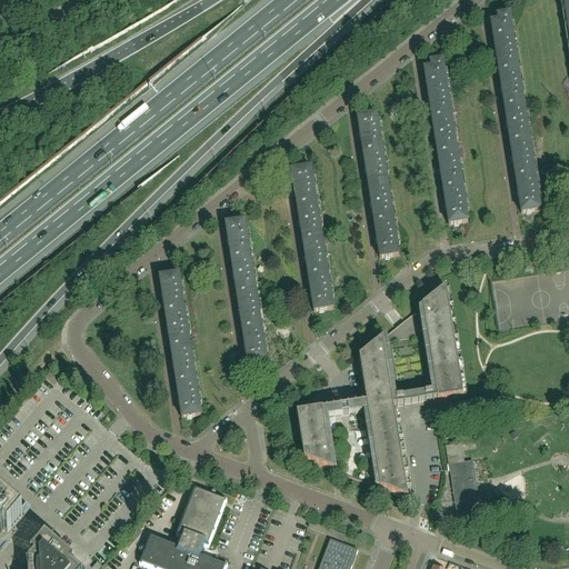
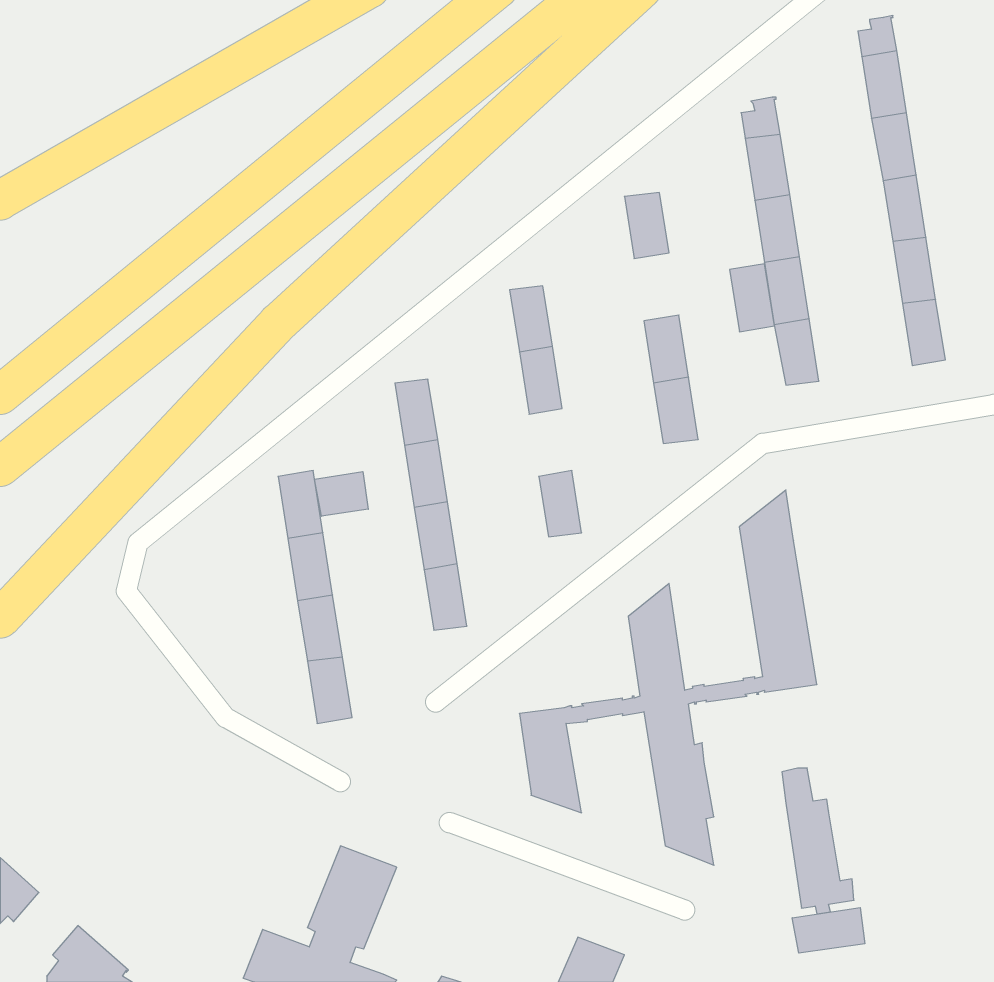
building: [362,144,388,183] -> [730,264,774,332]
building: [302,233,327,272] -> none
building: none -> [315,472,368,516]
building: none -> [792,908,865,953]

